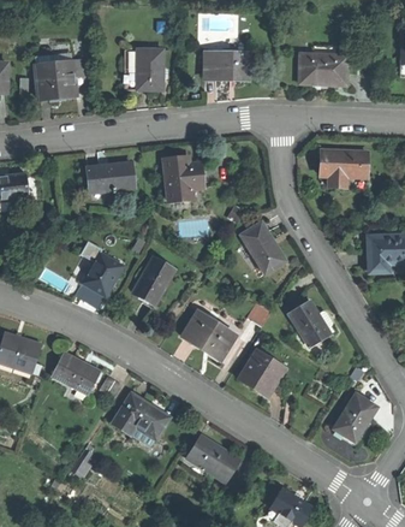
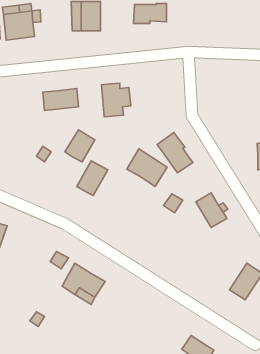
building: [300,52,347,82] -> none
building: [321,149,368,185] -> none
building: [82,251,121,294] -> [65,130,95,162]
building: [181,310,234,360] -> [127,149,167,186]
building: [238,349,285,396] -> none
building: [52,353,97,393] -> none
building: [187,434,239,481] -> none

